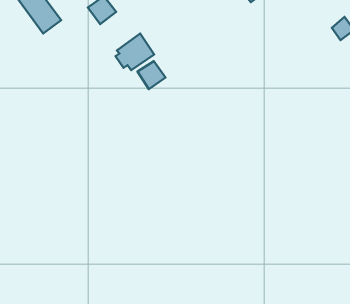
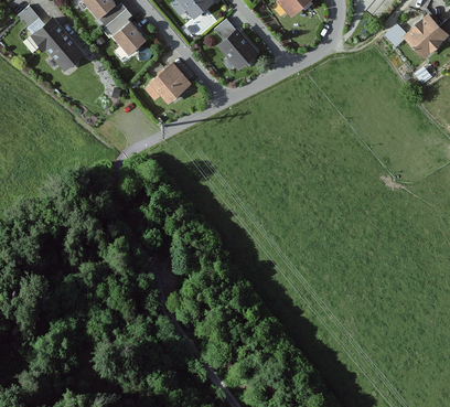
building: none -> [218,30,257,69]
building: [138,61,166,89] -> none

